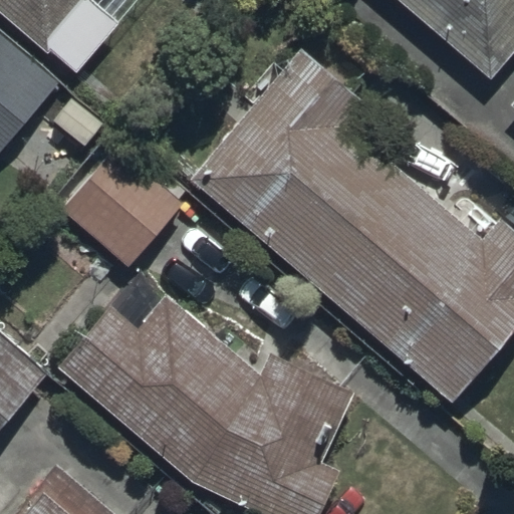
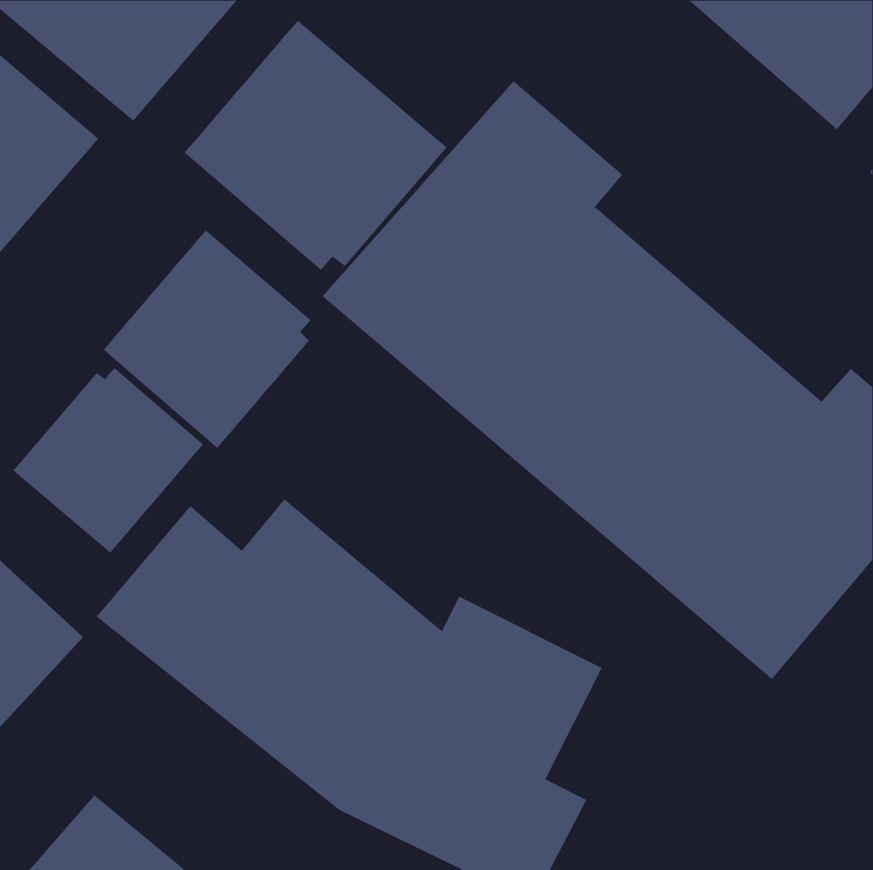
building: none -> [184,20,447,271]
building: none -> [13,367,204,554]

